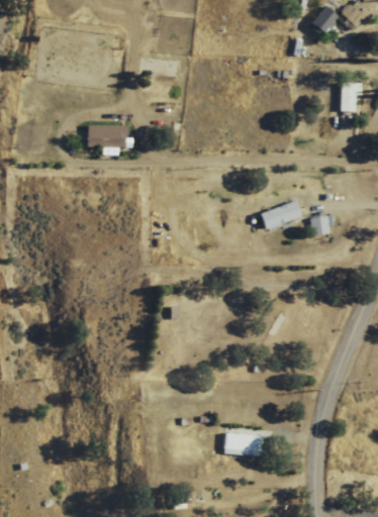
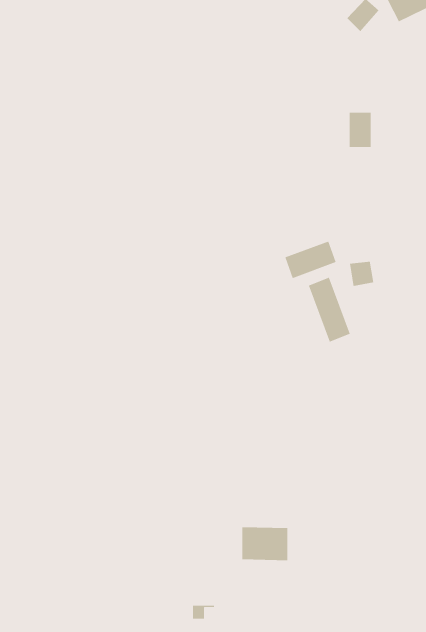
building: [340,83,358,111] -> [349,112,372,148]
building: [85,130,125,146] -> none
building: none -> [308,277,350,342]

